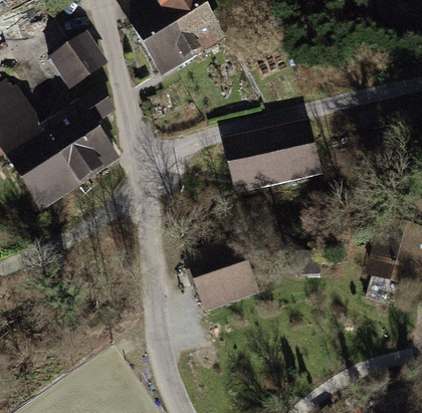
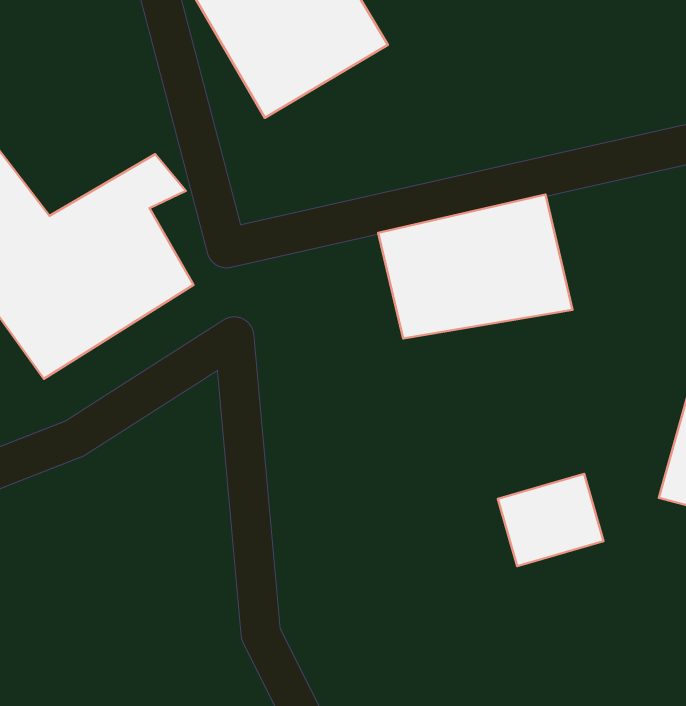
building: [55,35,111,87] -> none
building: [203,259,258,307] -> [498,474,604,566]

